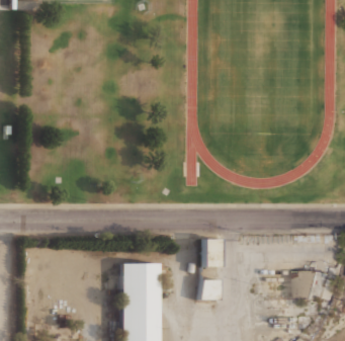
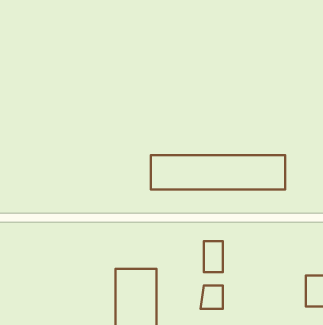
building: none -> [151,155,285,190]

